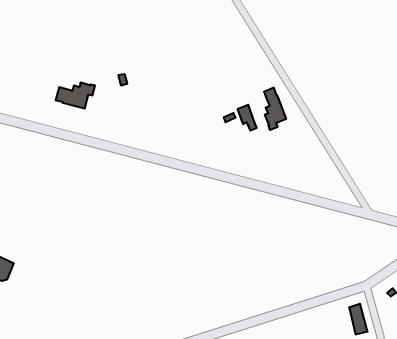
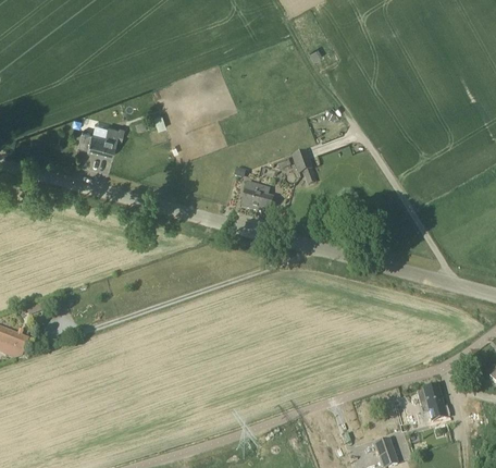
building: [264,88,286,130] -> none
building: none -> [240,181,271,211]

